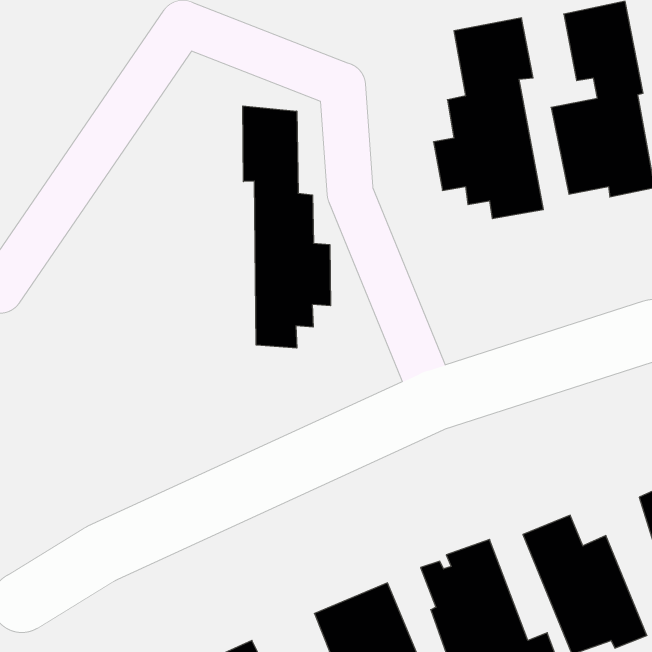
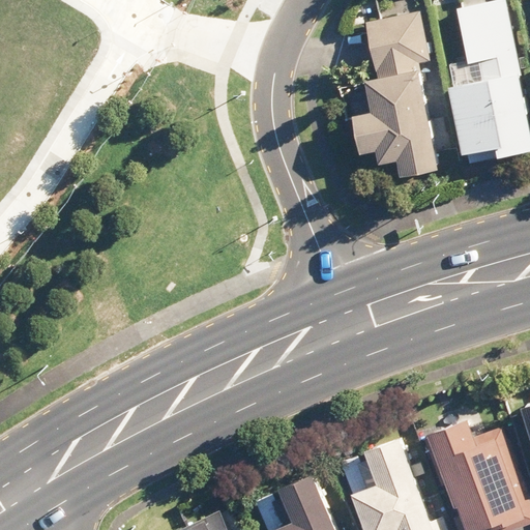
building: [243,106,330,348] -> none

